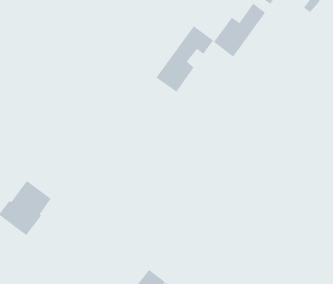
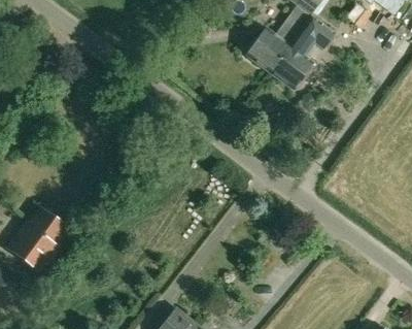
building: [155,26,214,92] -> [269,15,334,90]

